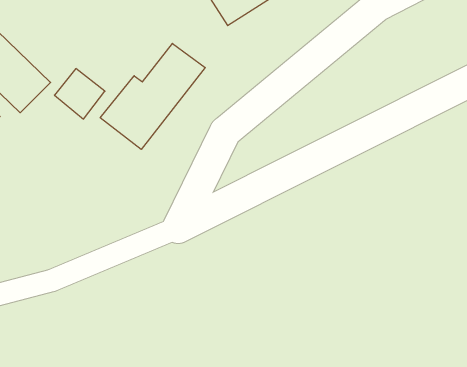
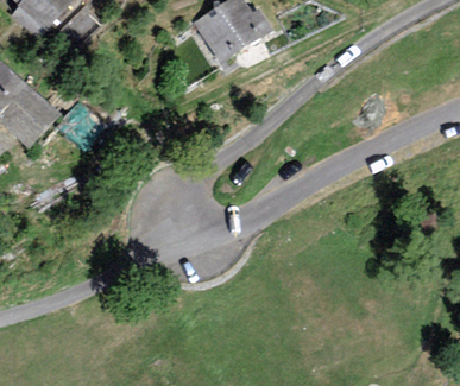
building: [100,43,205,149] -> none

